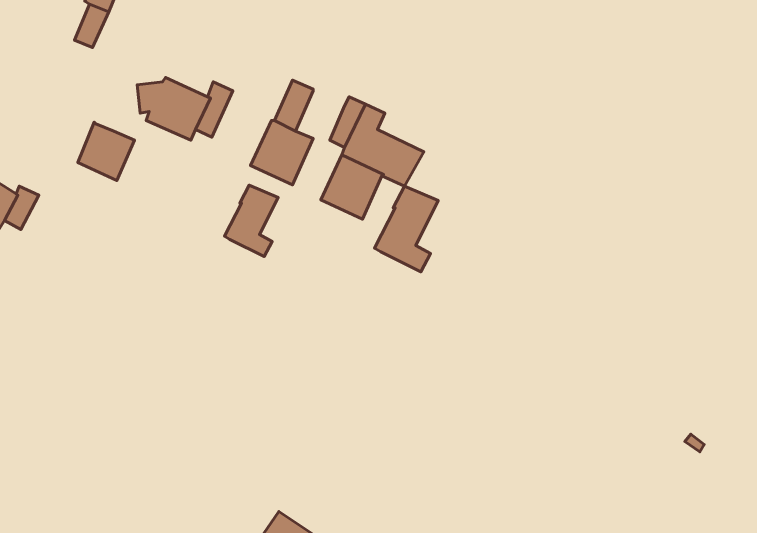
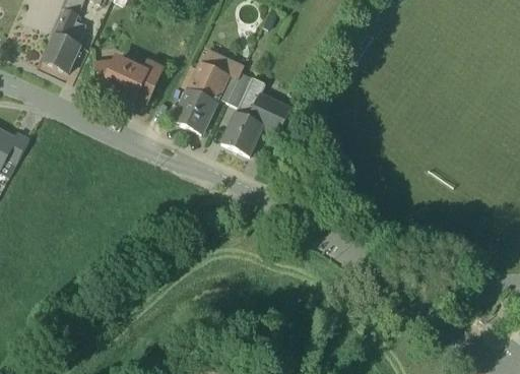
building: none -> [204,67,238,101]
building: [78,122,135,180] -> [42,32,80,71]
building: [224,185,278,257] -> none
building: [374,186,438,272] -> none

